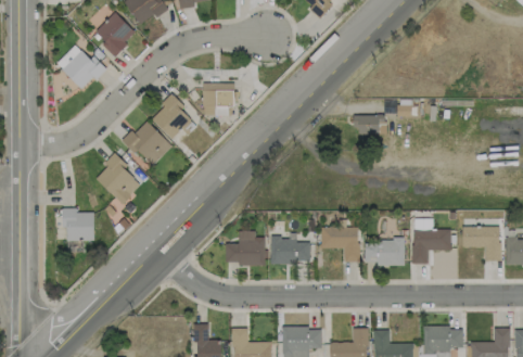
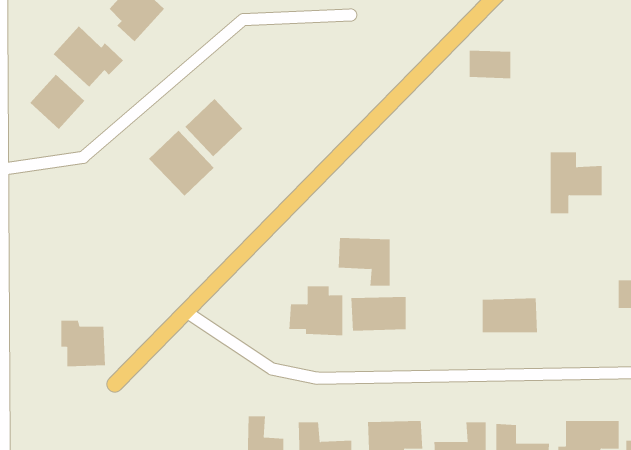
building: none -> [29,74,85,130]
building: [204,84,234,115] -> none
building: [356,115,386,136] -> [469,50,511,79]
building: [97,153,141,205] -> none
building: [63,208,95,242] -> [60,320,106,367]
building: [413,219,451,264] -> [550,152,603,214]
building: [321,227,359,262] -> [338,238,391,286]

